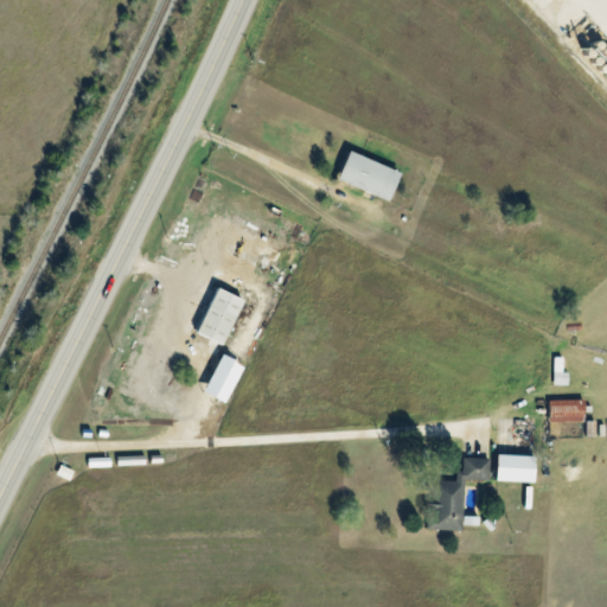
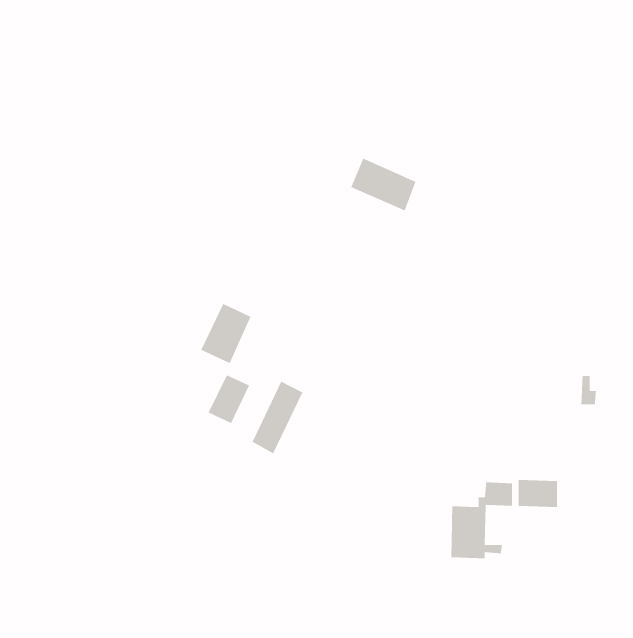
building: none -> [252,381,304,455]
building: [551,398,587,421] -> none

